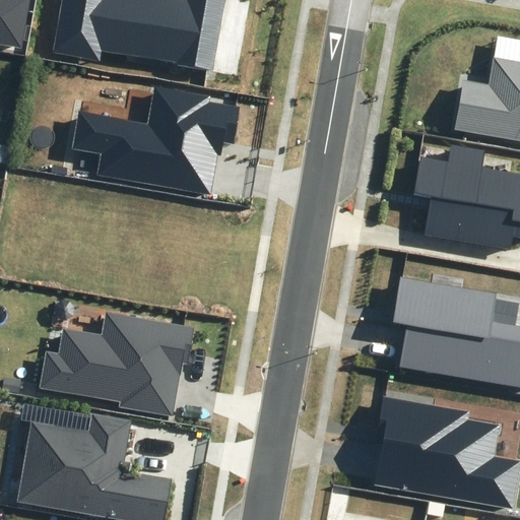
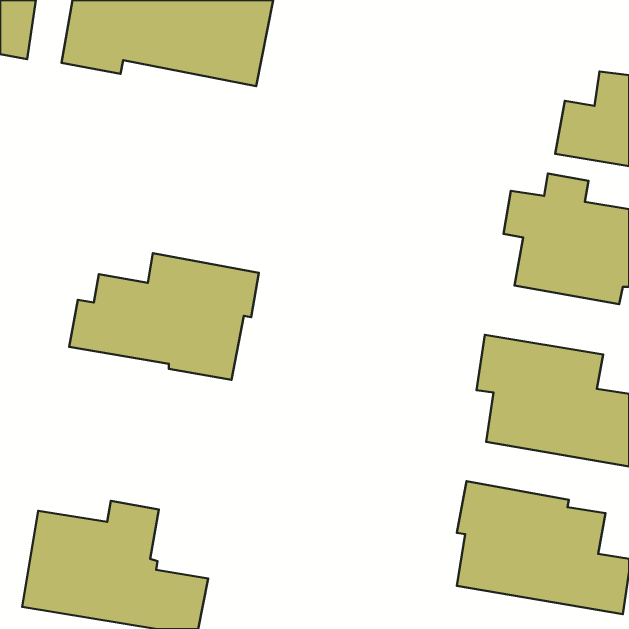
building: [74,85,241,193] -> none
building: [38,311,194,415] -> [69,253,259,380]

